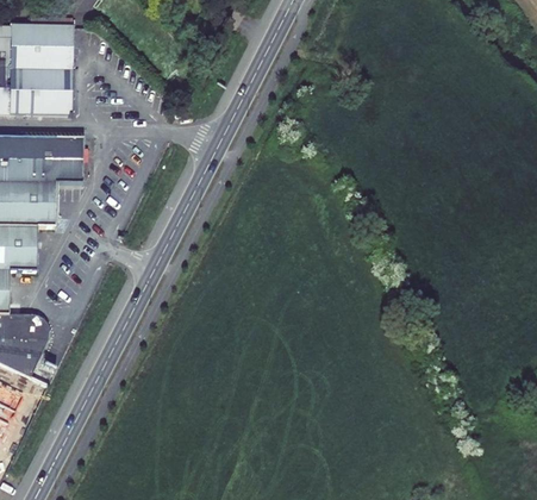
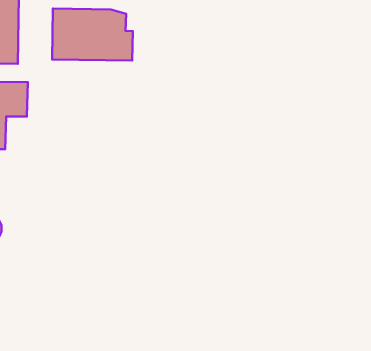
building: none -> [52,8,133,60]

